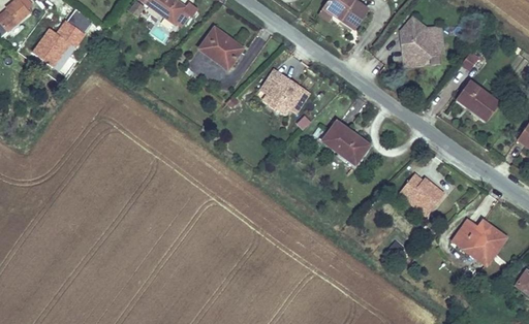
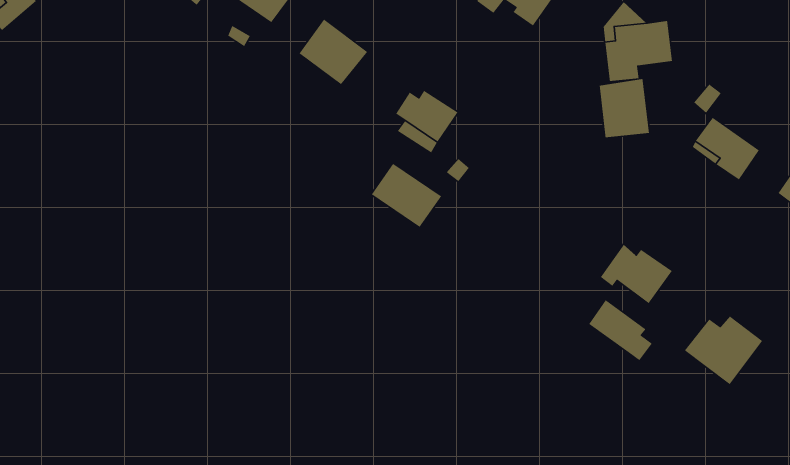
building: [37,24,86,69] -> none
building: none -> [599,78,650,138]
building: [322,121,369,163] -> [371,163,442,228]
building: none -> [588,299,653,361]

